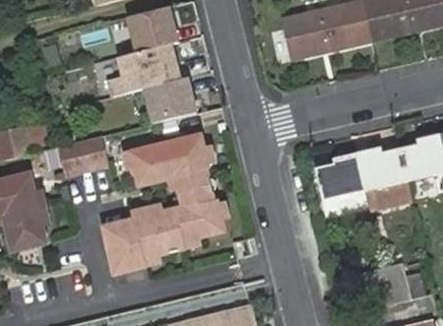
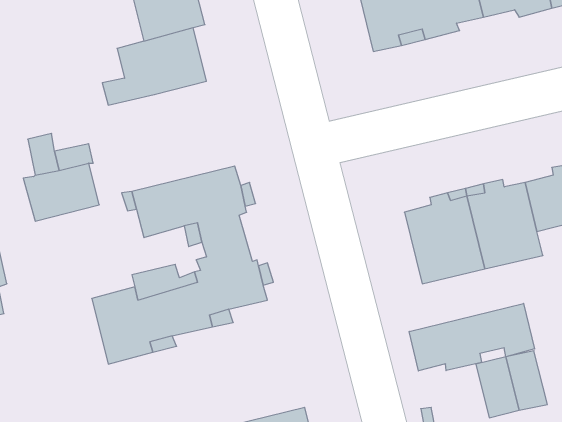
building: [145,78,197,124] -> none
building: none -> [409,303,535,371]

